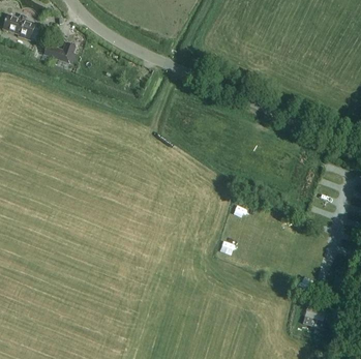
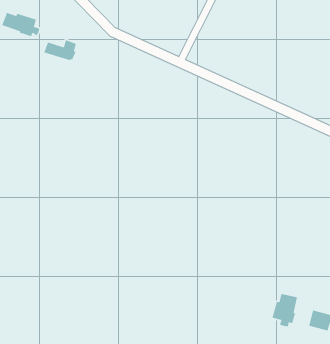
building: none -> [272,293,298,327]

